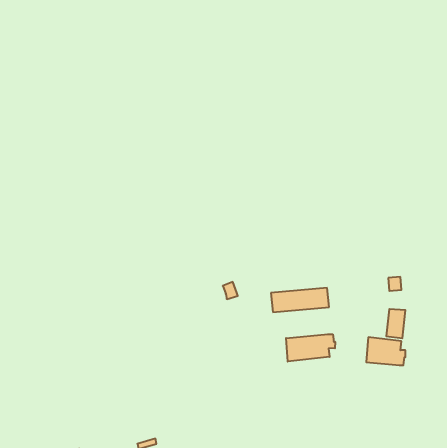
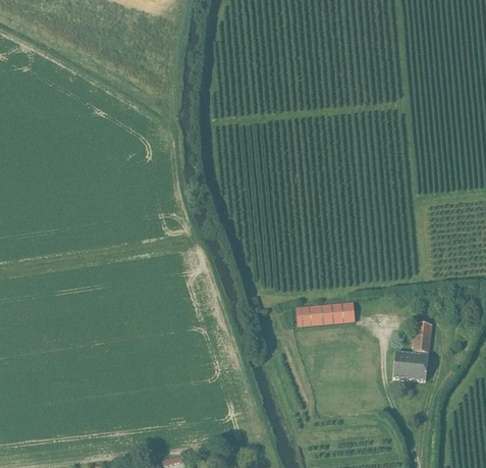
building: [286,334,335,362] -> none

